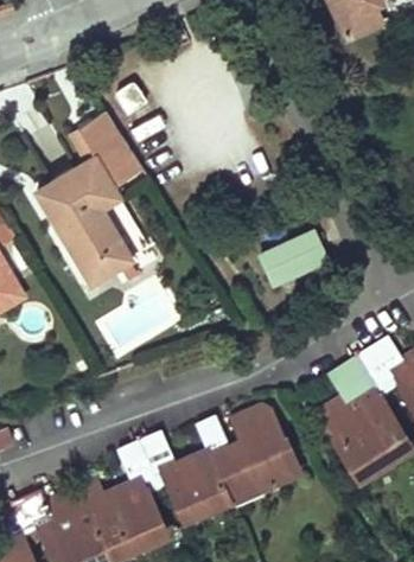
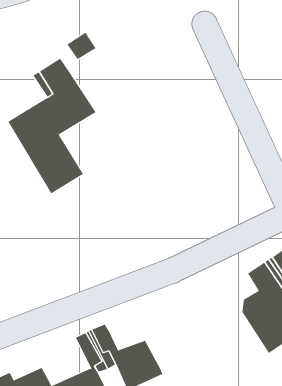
building: [256,229,330,292] -> none
building: [195,407,297,493] -> none

